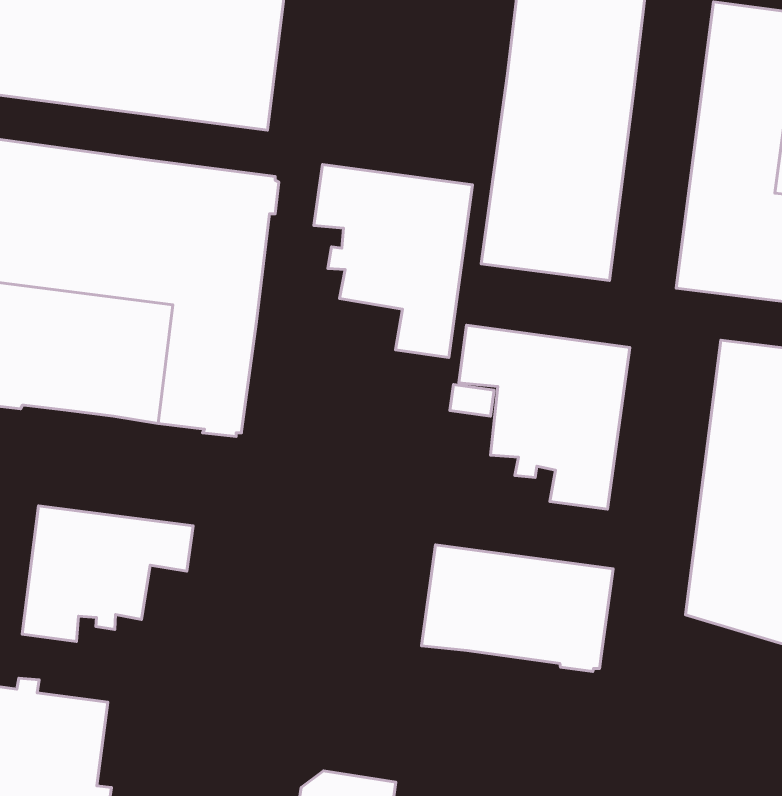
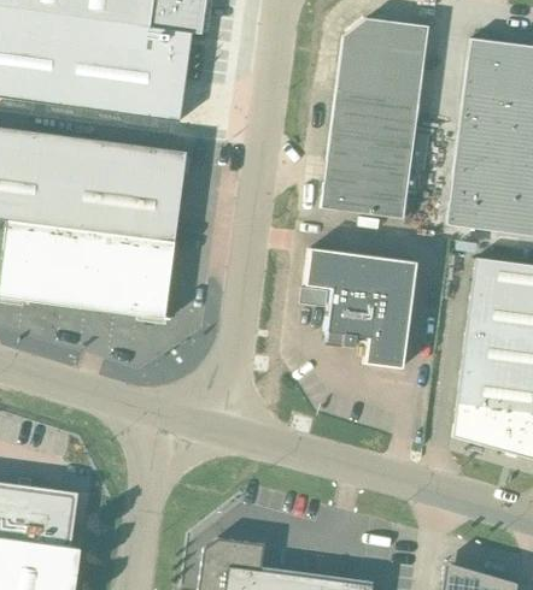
building: [314,165,472,358] -> none
building: [22,506,193,641] -> none
building: [422,545,613,672] -> none

